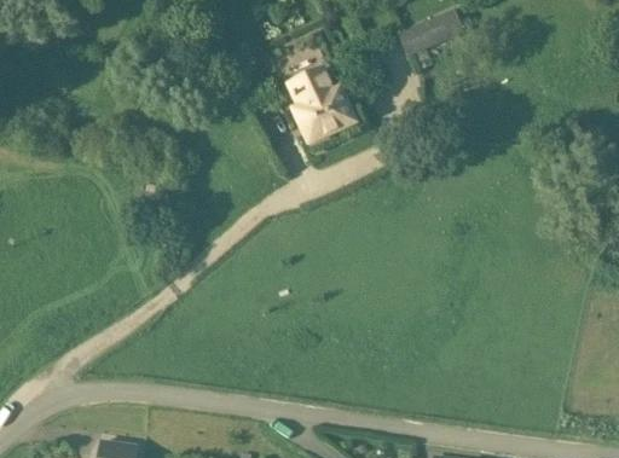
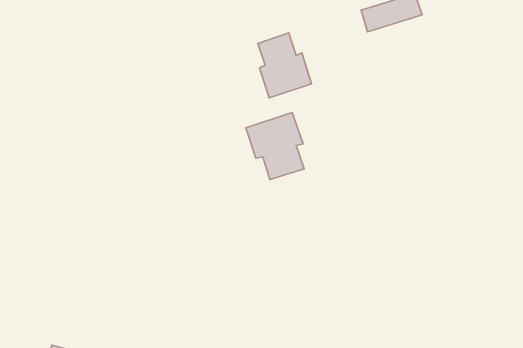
building: none -> [246,113,304,179]

